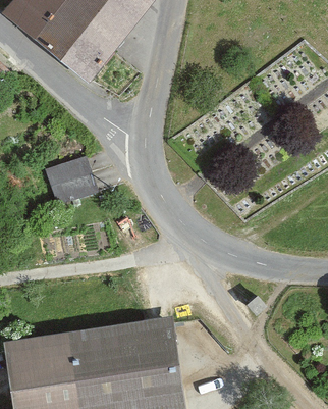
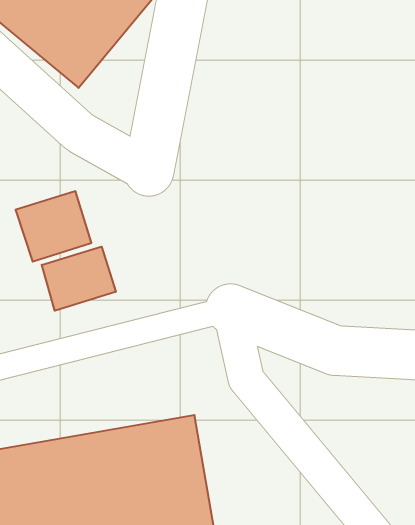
building: none -> [42,247,116,311]

